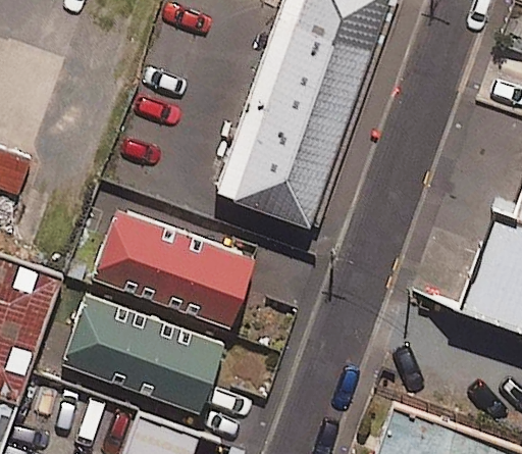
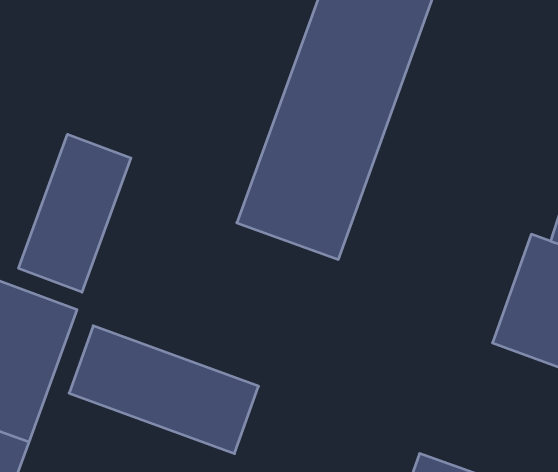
building: none -> [19,134,131,292]
building: [90,201,262,336] -> none

